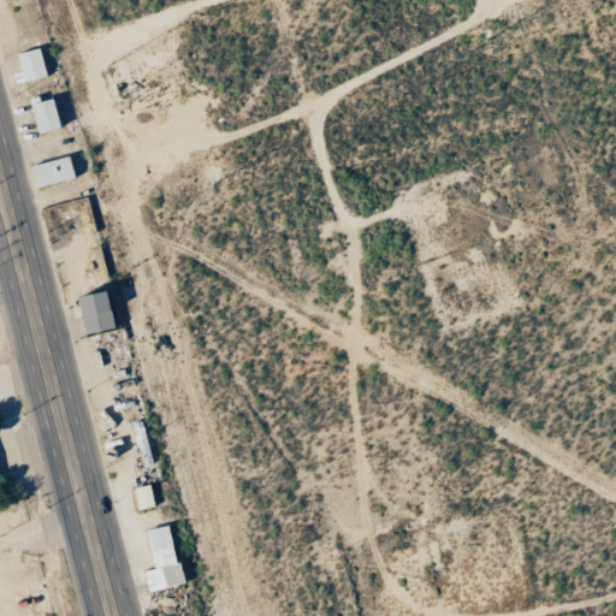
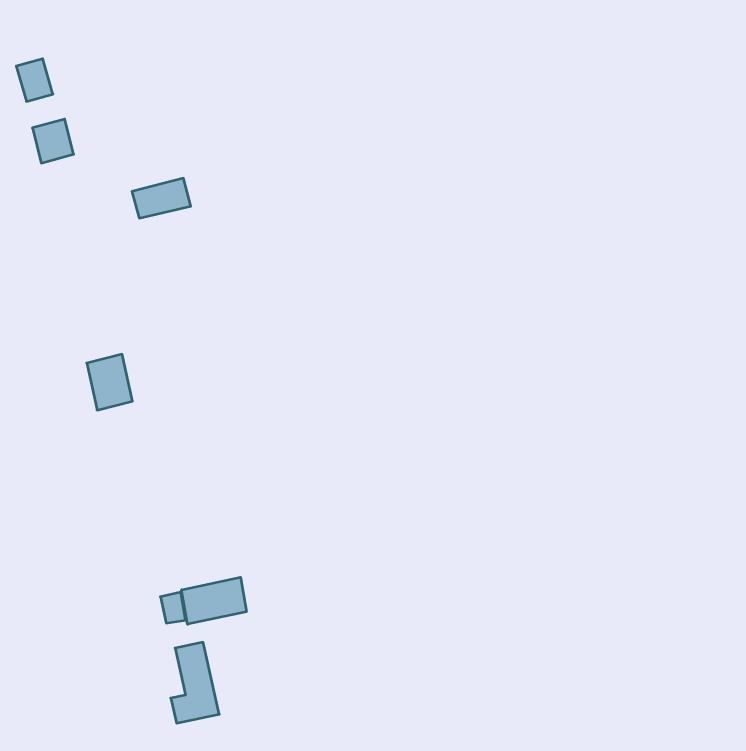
building: [31,155,79,188] -> [132,178,191,218]
building: none -> [182,577,246,624]

